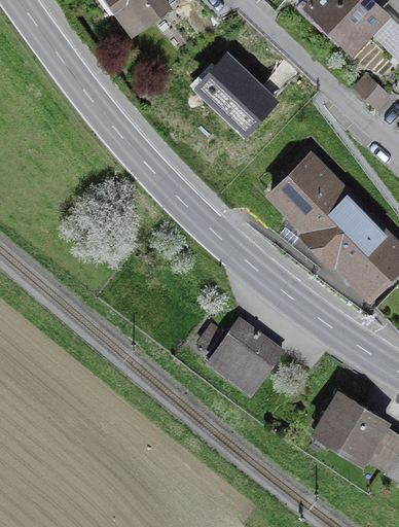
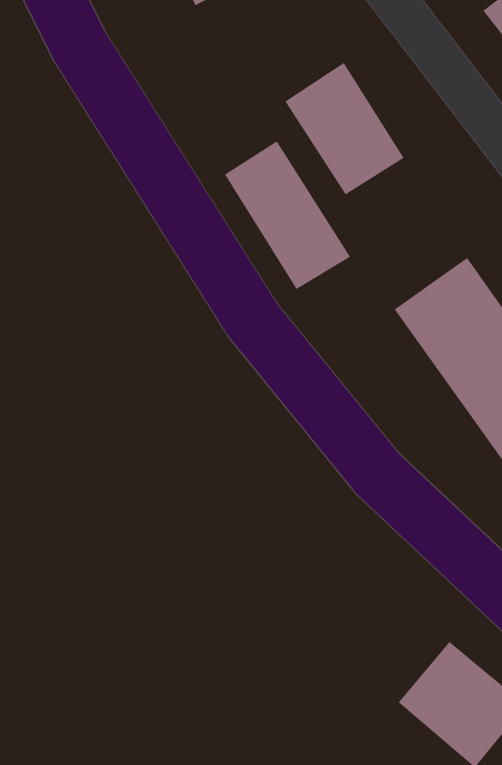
building: none -> [224,141,351,290]
building: [212,322,287,396] -> none

